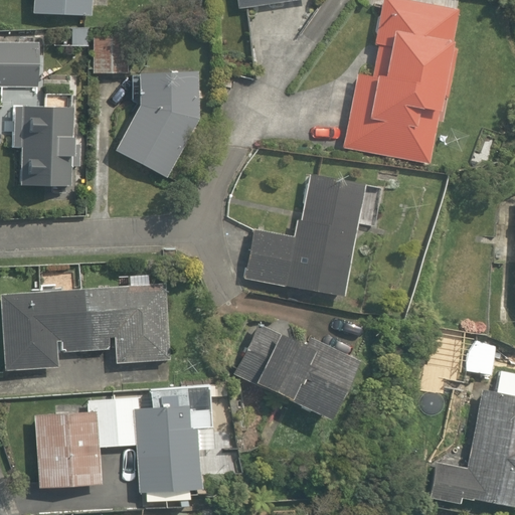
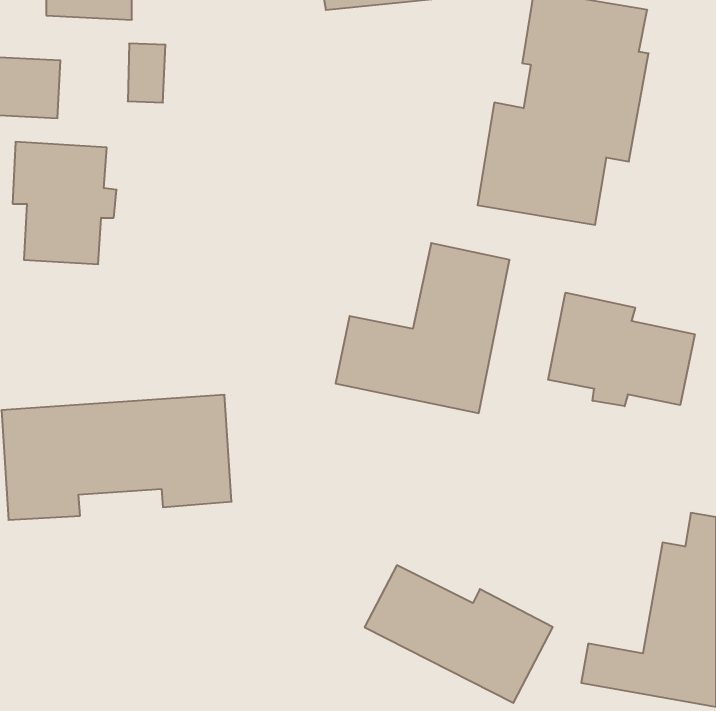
building: [117,74,208,176] -> none
building: none -> [548,293,695,406]
building: [230,323,365,421] -> [365,565,553,703]
building: [37,382,239,497] -> none

